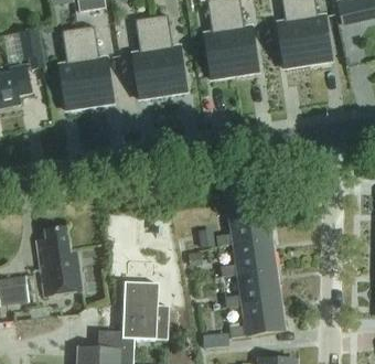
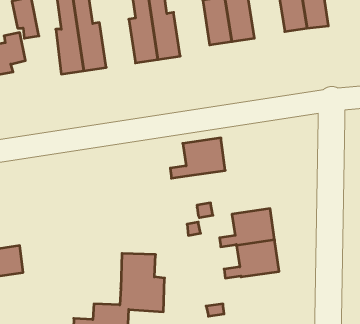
building: [217,206,271,246] -> [170,138,225,178]
building: [38,227,83,296] -> none
building: [231,300,285,338] -> none

